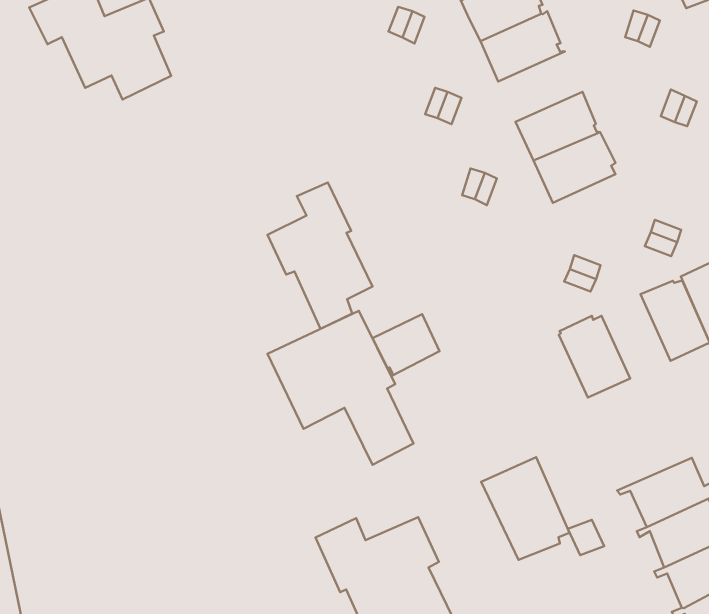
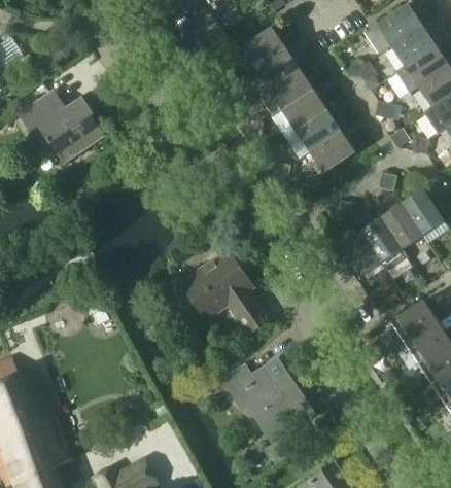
building: none -> [282,89,329,132]
building: [267,182,372,329] -> none
building: none -> [359,215,408,271]
building: [372,314,439,376] -> none
building: [481,457,570,560] -> none

